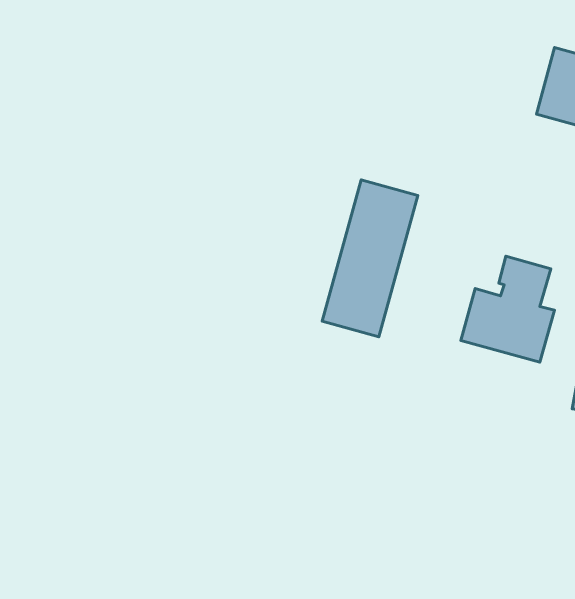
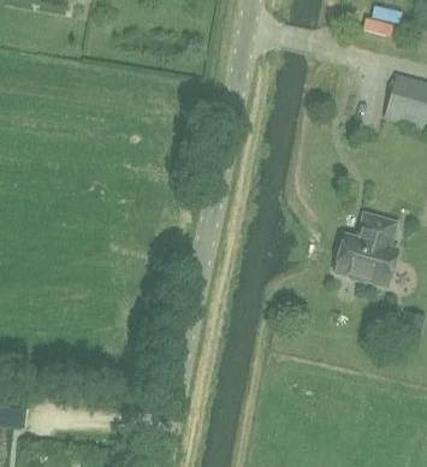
building: [322,180,418,337] -> none

